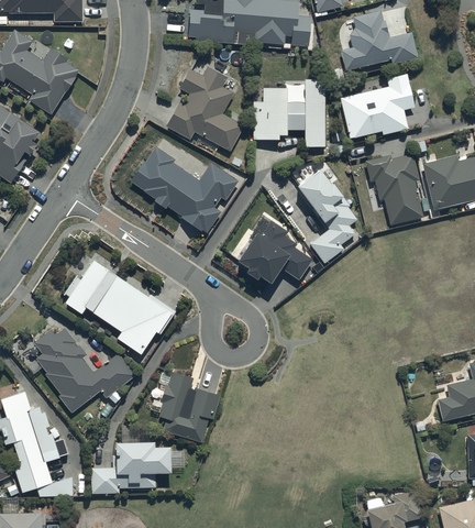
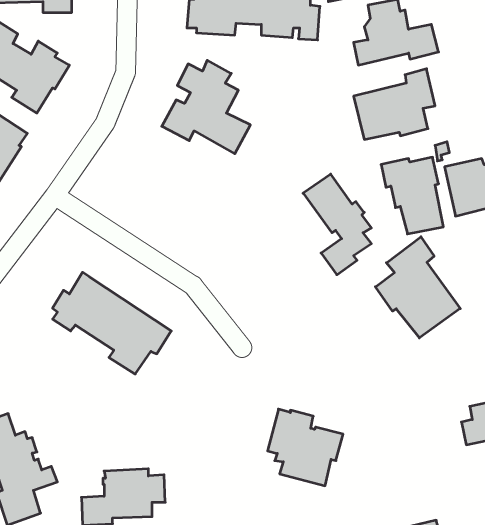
building: [252,80,325,147] -> none
building: [130,146,238,234] -> none
building: [233,221,311,286] -> none
building: none -> [375,237,460,338]
building: [26,329,135,413] -> none
building: [151,371,220,441] -> [268,409,343,486]

